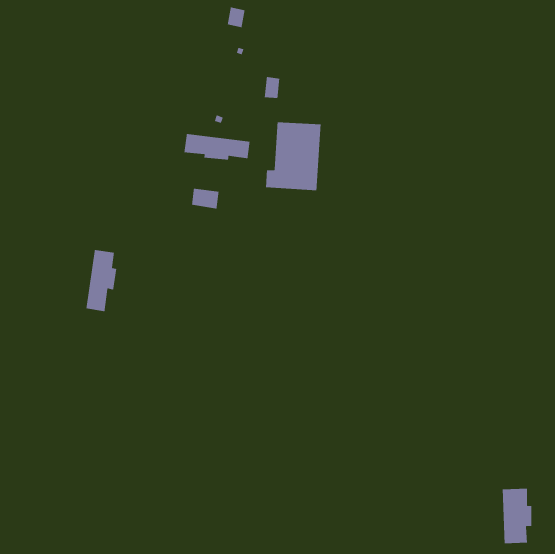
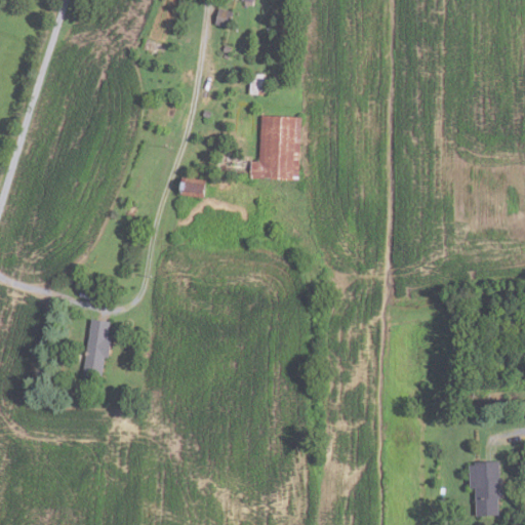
building: [184,133,250,161] -> none
building: [86,249,117,312] -> [82,318,112,377]

